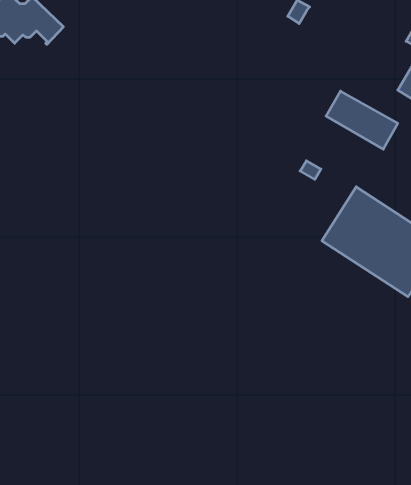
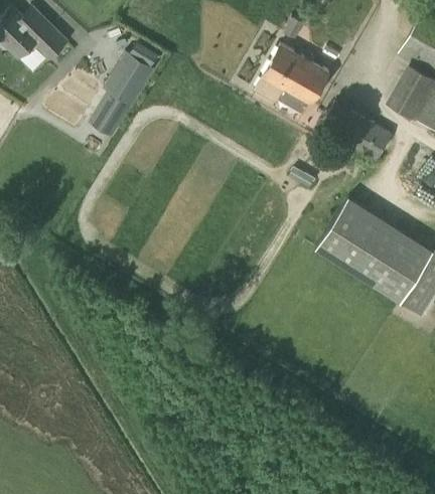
building: none -> [257,45,329,105]
building: none -> [92,52,154,137]

